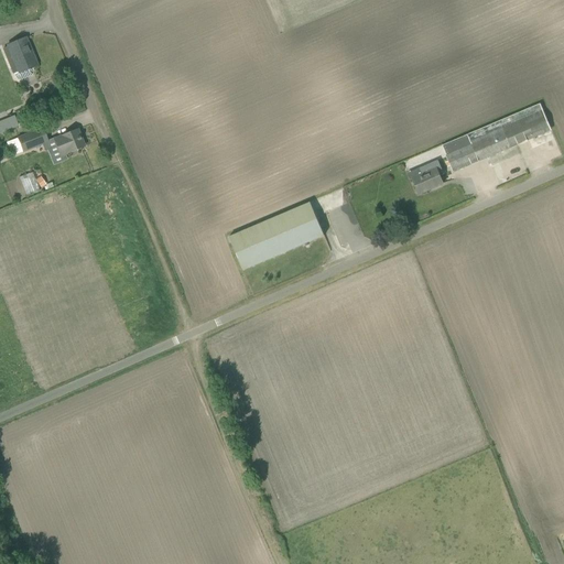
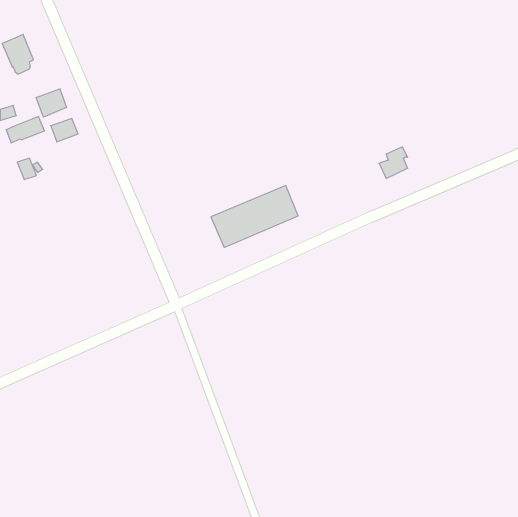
building: none -> [36,89,67,117]
building: [443,104,551,171] -> none

